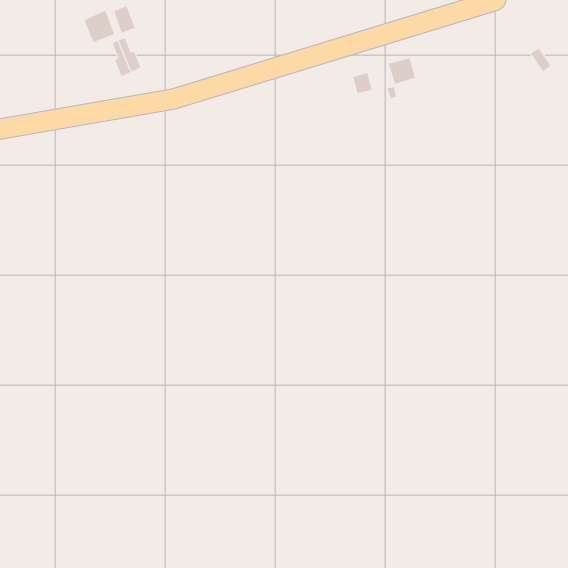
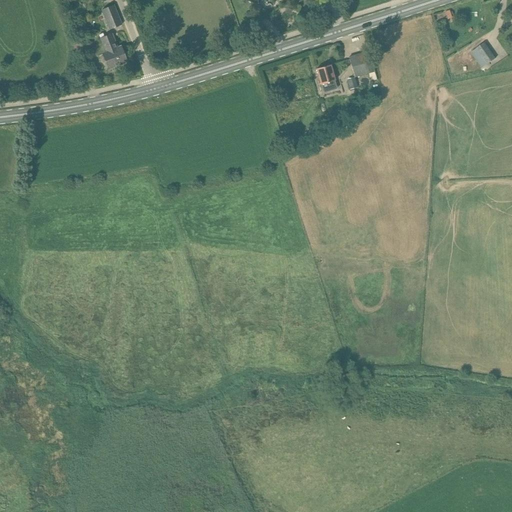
building: [84,10,115,43] -> none

